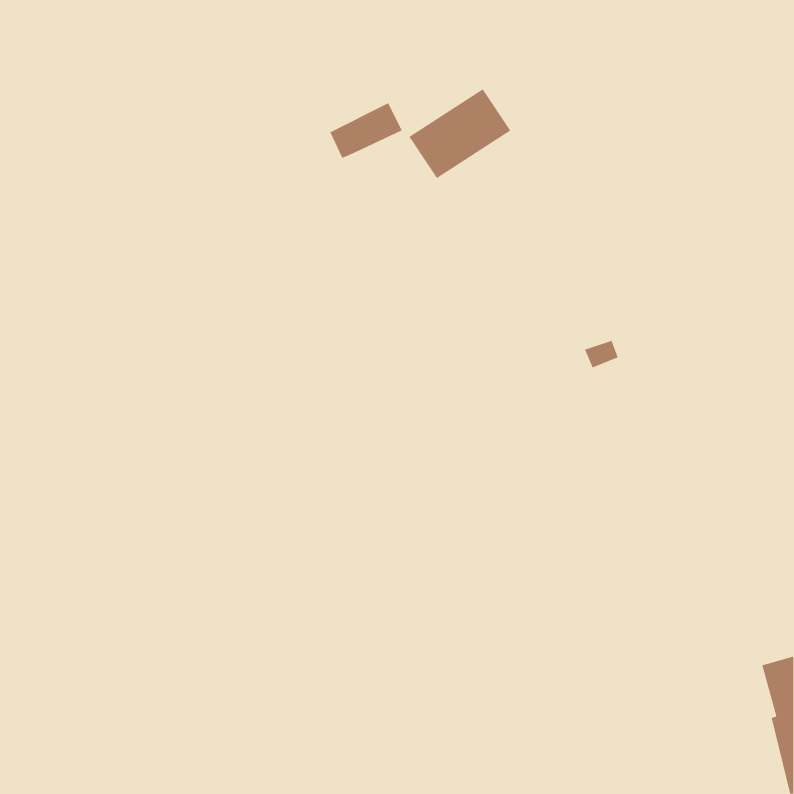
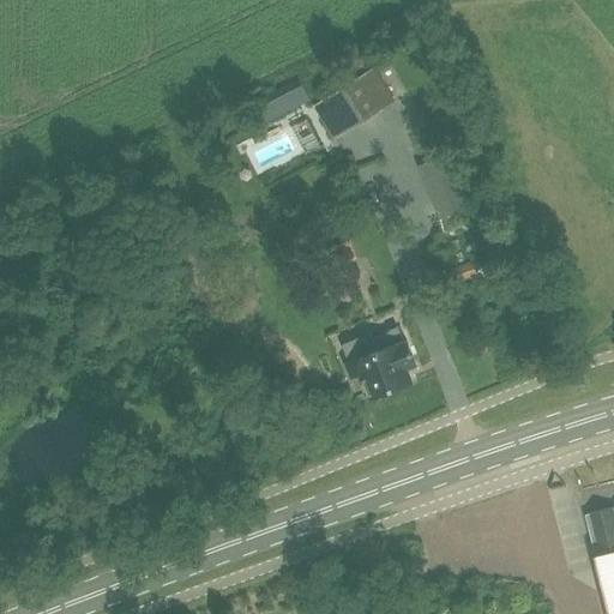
building: none -> [342,329,417,398]

